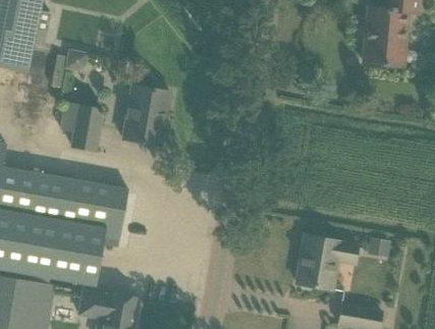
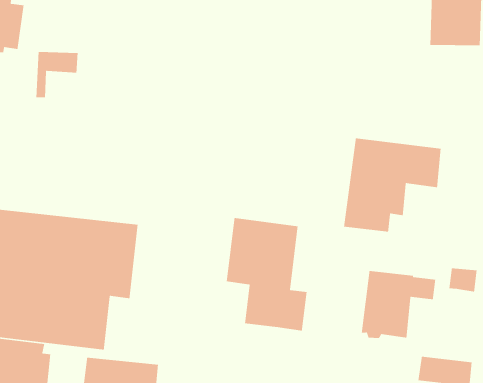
building: [122,85,169,144] -> none
building: [59,101,103,150] -> none
building: none -> [343,137,442,232]
building: none -> [226,217,308,331]

